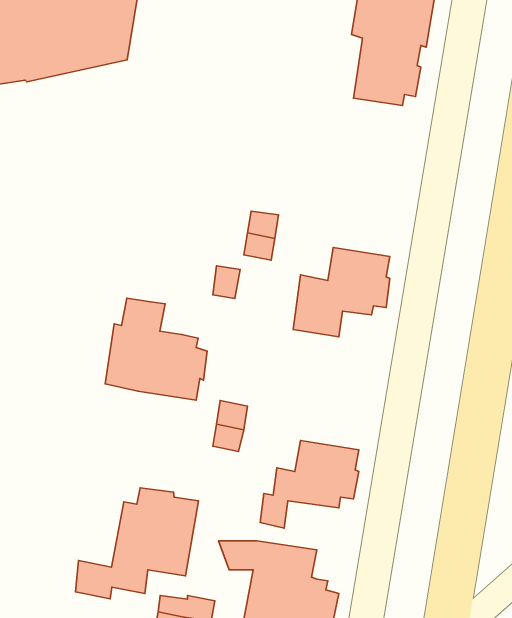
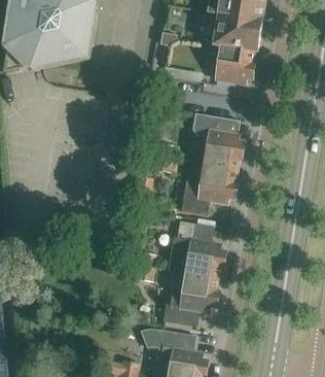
building: none -> [192,112,244,169]
building: [105,298,207,400] -> [168,220,225,278]
building: [75,488,199,599] -> none

